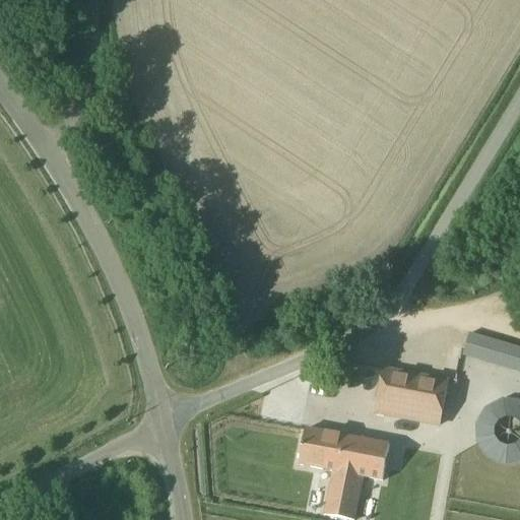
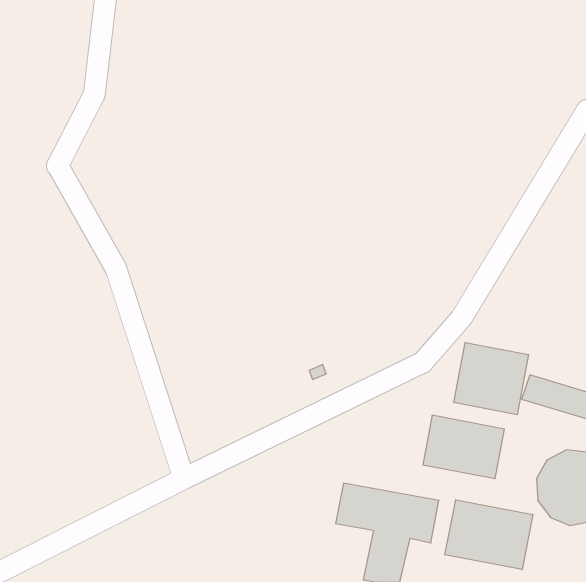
building: none -> [454,342,529,415]
building: none -> [445,500,533,570]

